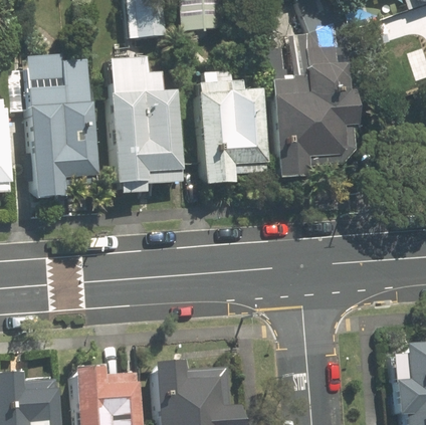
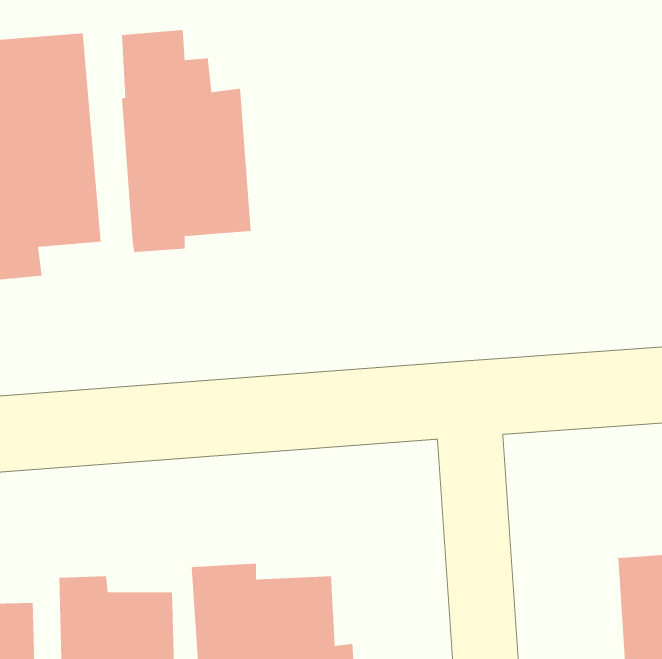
building: [271,45,360,177] -> none
building: [198,78,270,182] -> none

